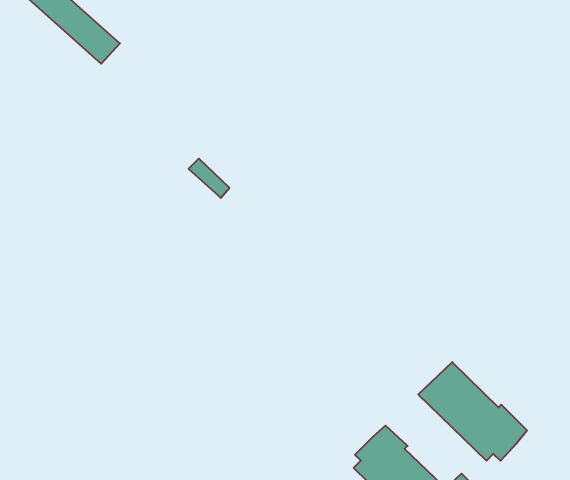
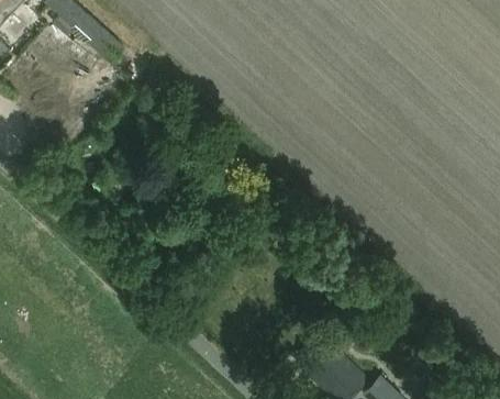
building: [418,362,527,461] -> none

